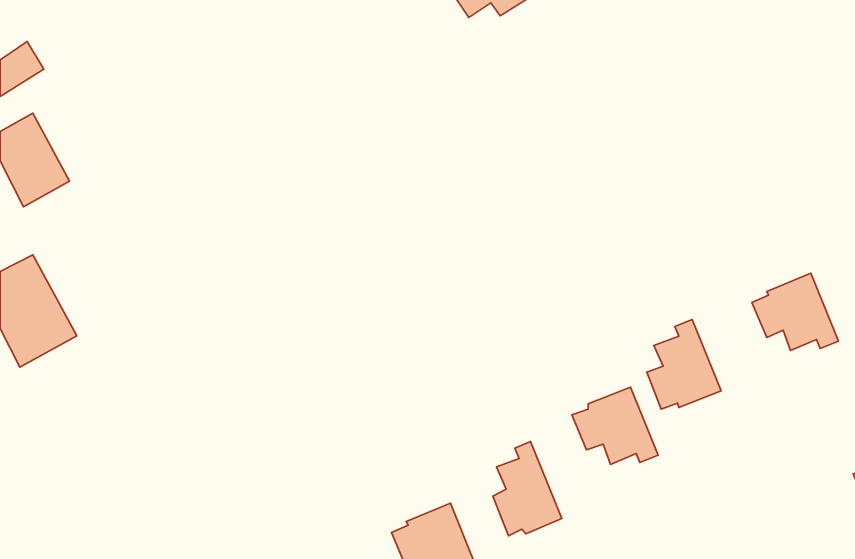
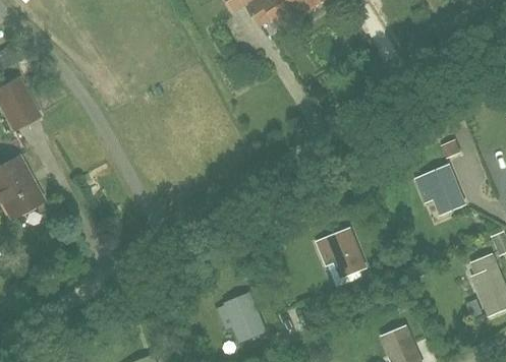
building: [647,319,721,409] -> none
building: [493,442,562,536] -> none

